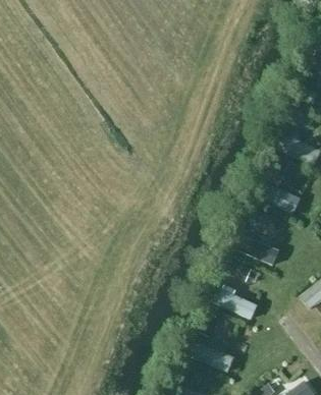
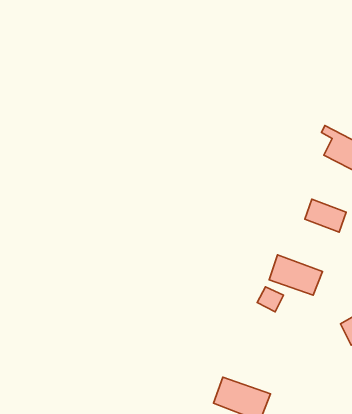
building: [212,283,261,322] -> none

